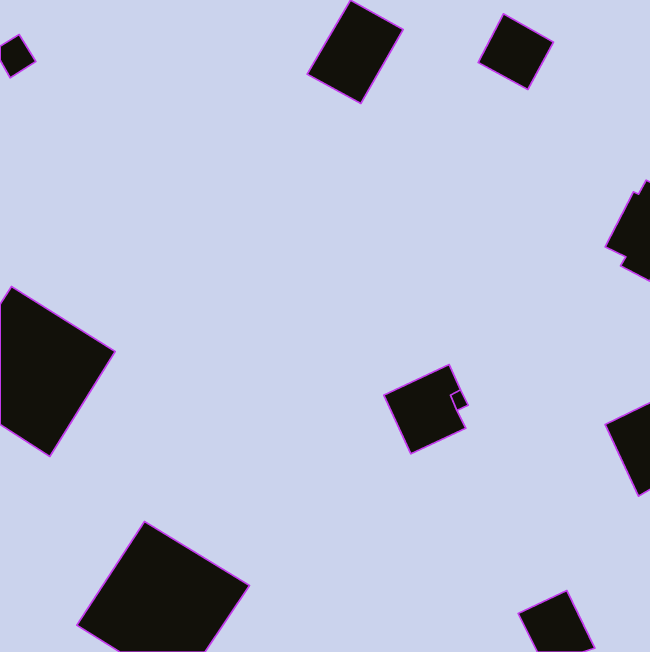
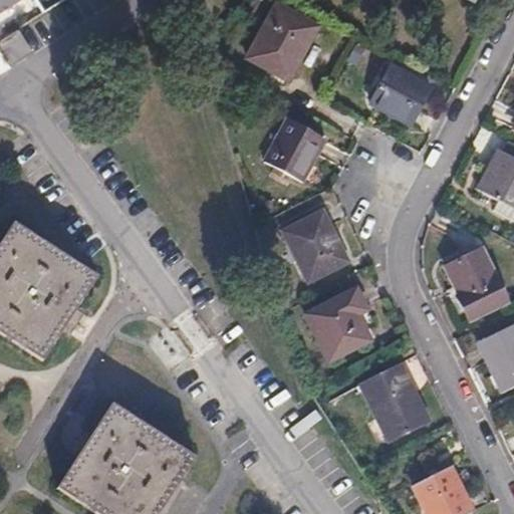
building: [478,14,554,89] -> [367,61,427,120]
building: none -> [262,115,323,180]
building: none -> [283,208,348,278]
building: none -> [450,249,509,322]
building: none -> [359,363,426,438]

